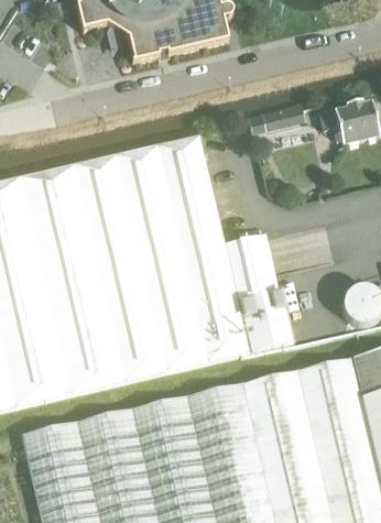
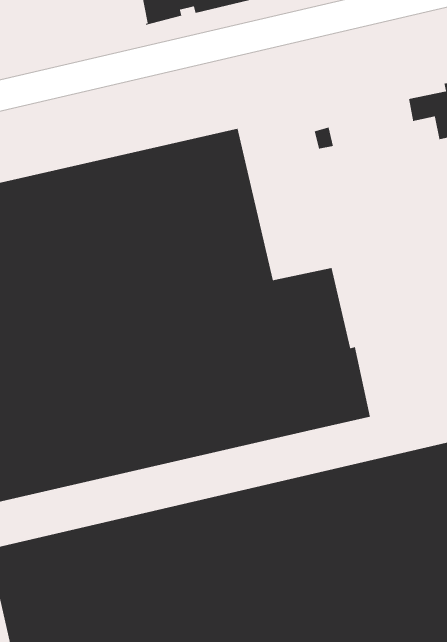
building: [262,103,304,130] -> none

